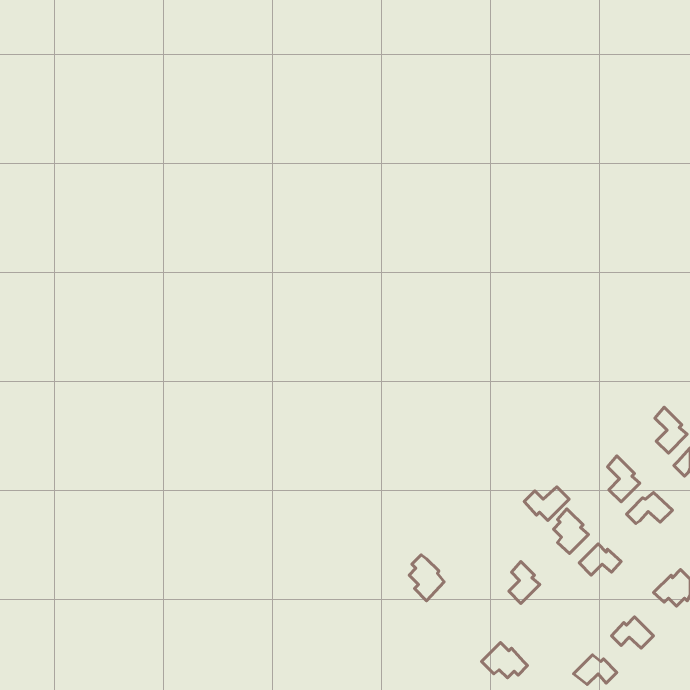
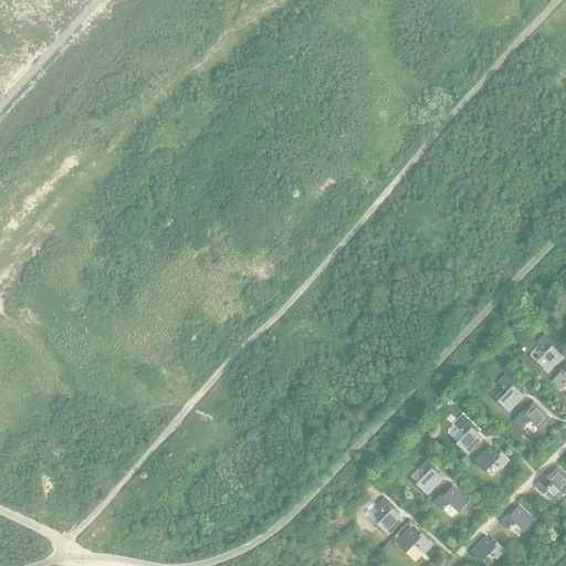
building: [524,487,569,521] -> none
building: [409,555,444,601] -> [373,496,401,534]
building: none -> [433,485,468,511]

